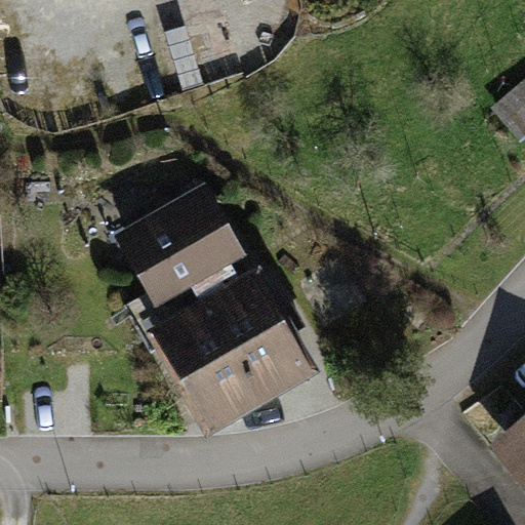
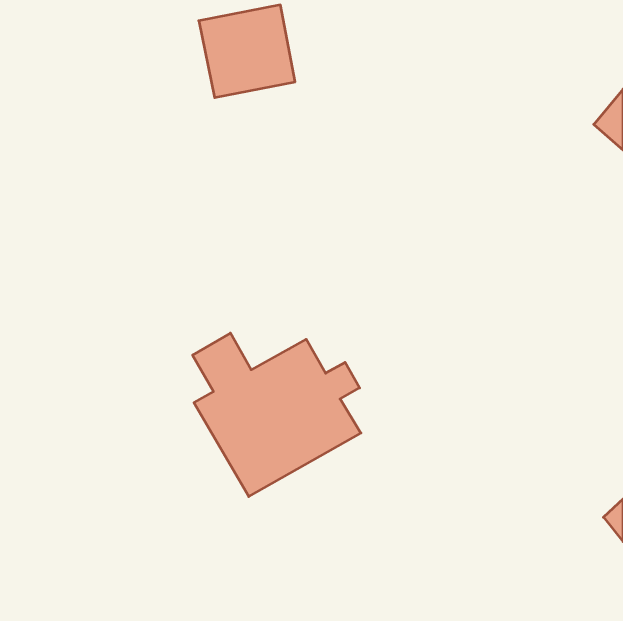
building: [131,203,243,311] -> none

